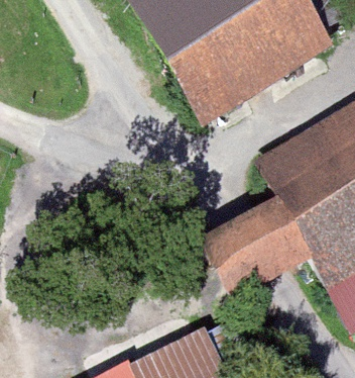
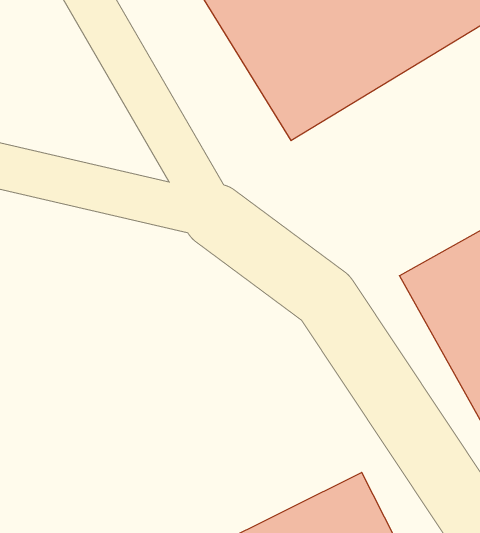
building: [216,216,307,295] -> none

